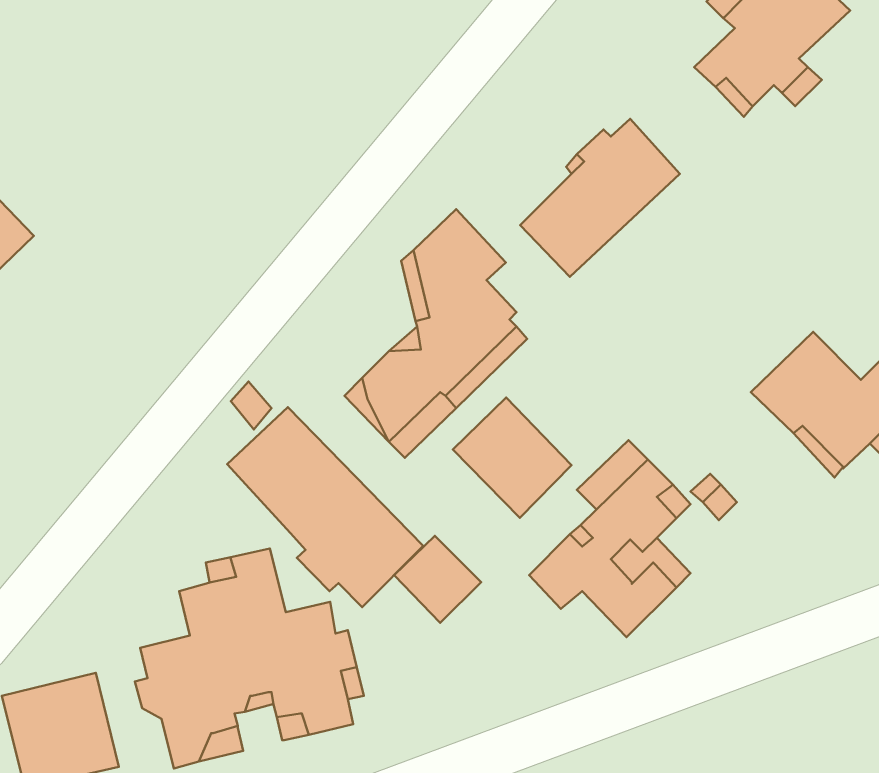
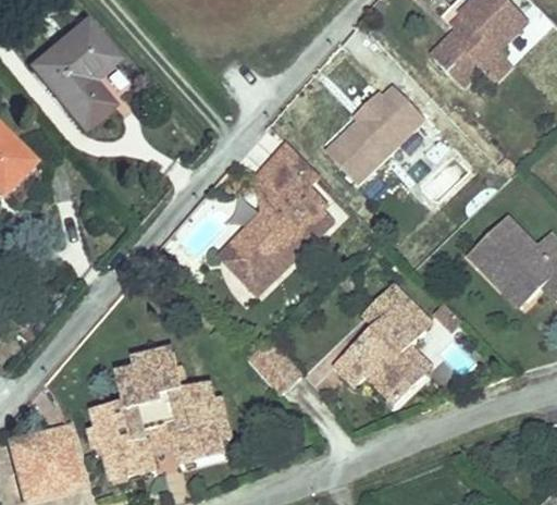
building: none -> [33,21,116,128]
building: [453,397,572,518] -> none
building: [227,407,423,607] -> none

